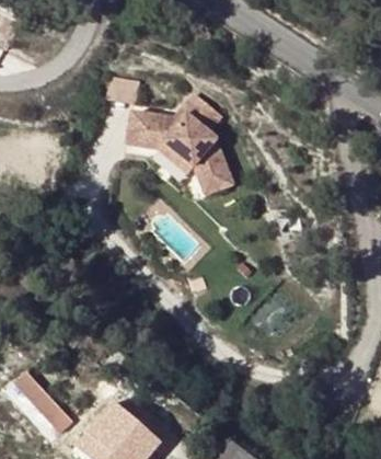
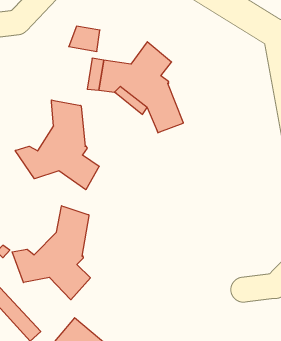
building: none -> [15,100,99,190]
building: none -> [12,206,90,300]

